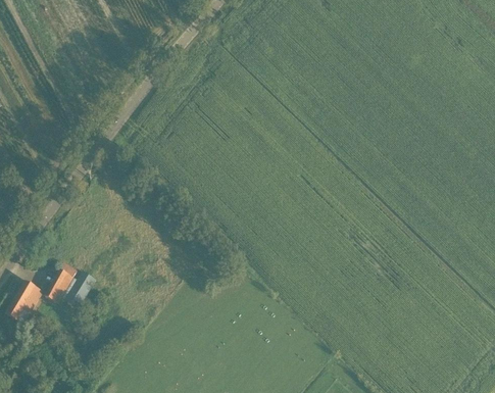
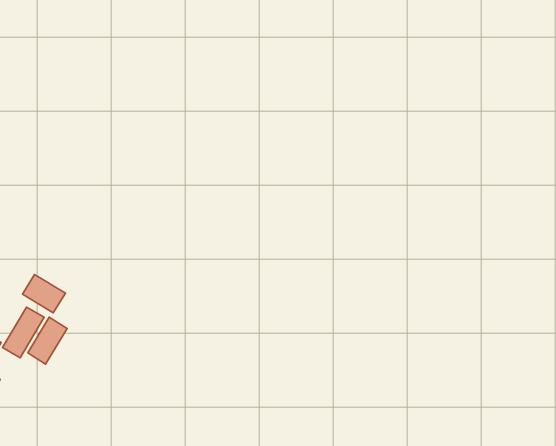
building: none -> [22,274,65,313]

